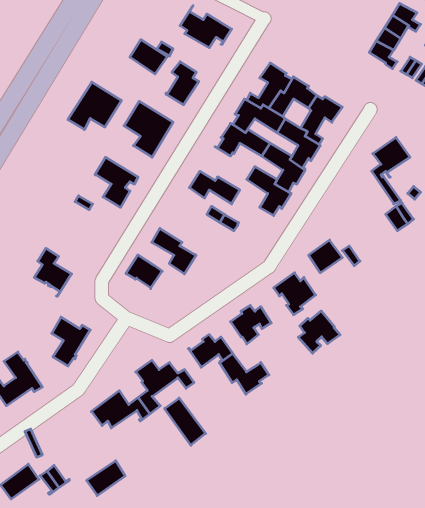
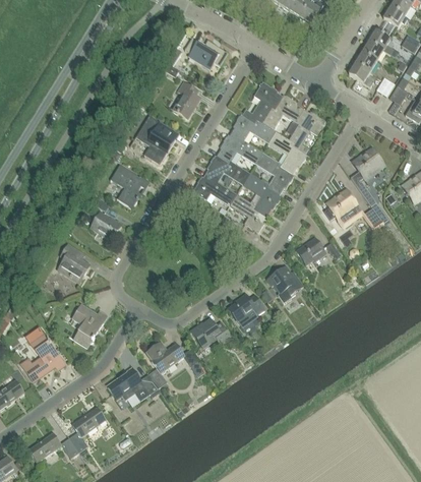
building: [130,40,167,74] -> none
building: [68,82,121,130] -> none
building: none -> [201,156,249,185]
building: none -> [324,189,363,227]
building: [152,228,196,274] -> [229,193,267,233]
building: [126,255,162,289] -> [89,212,121,241]
building: [298,311,340,353] -> none
building: [219,354,269,394] -> none
building: [165,398,206,445] -> none
building: [87,461,125,496] -> [71,407,105,437]

